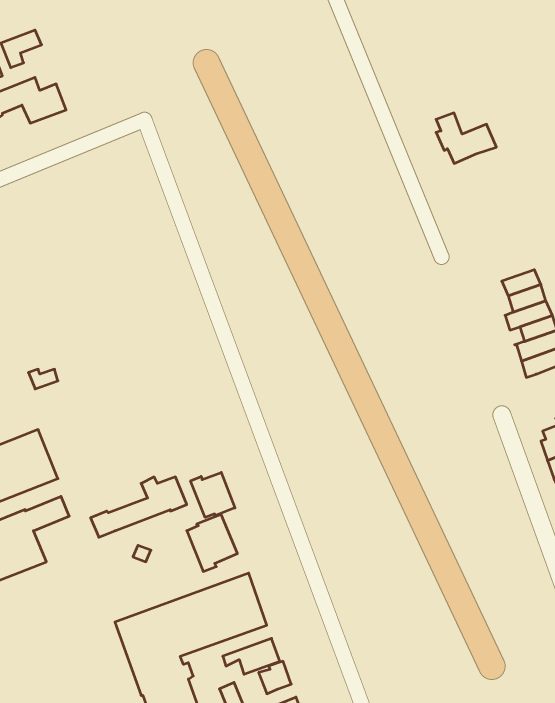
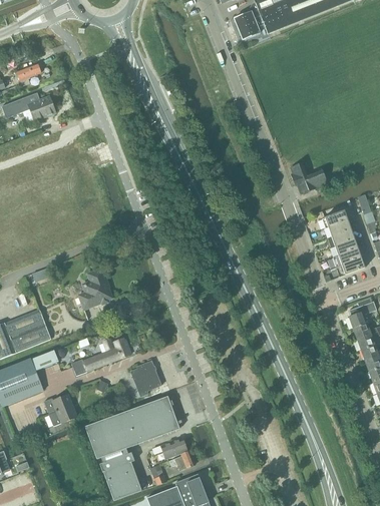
building: [436,113,496,163] -> [291,161,328,192]
building: none -> [77,267,113,309]
building: [191,472,235,517] -> none
building: none -> [44,393,77,425]

